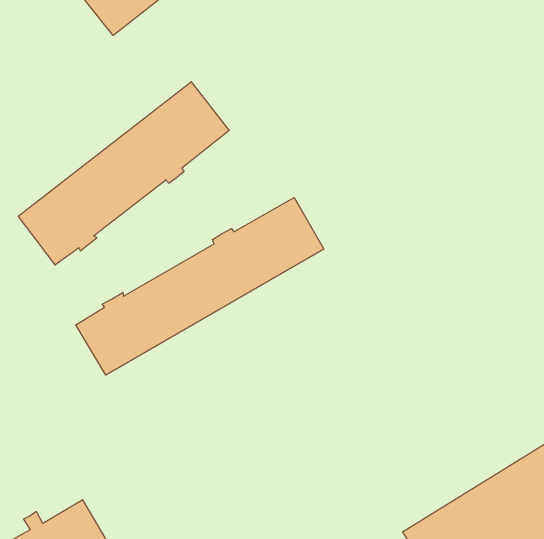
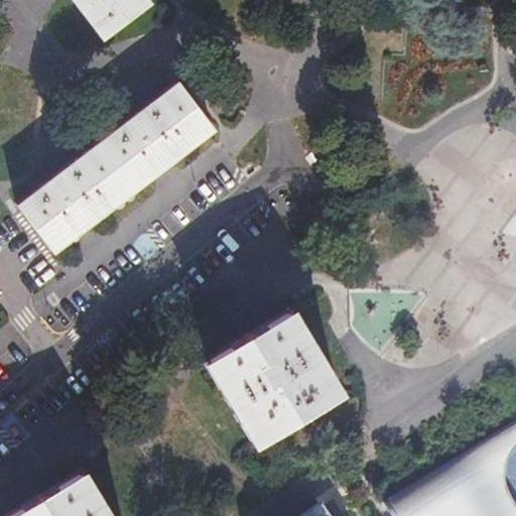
building: [76,198,324,375] -> none
building: none -> [211,322,343,455]

